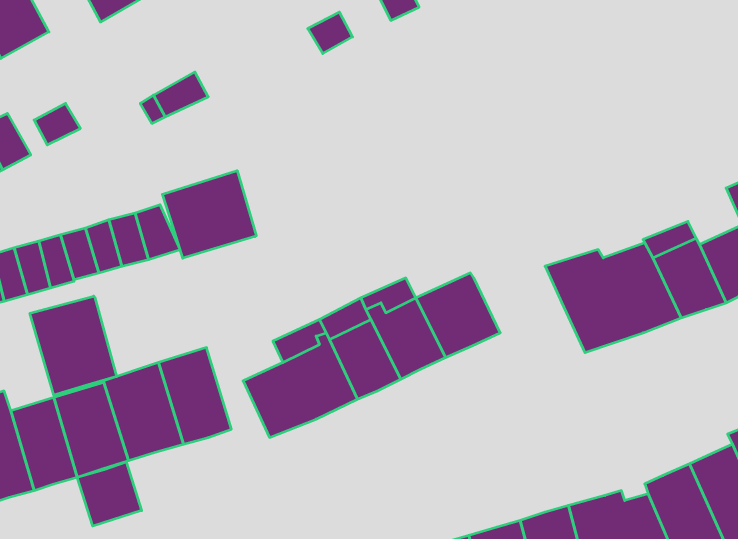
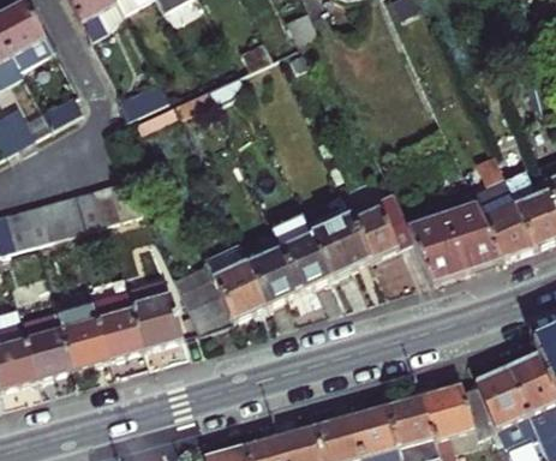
building: [162,171,256,258] -> none
building: none -> [357,205,420,267]
building: [30,296,117,395] -> none
building: [77,462,142,526] -> none

